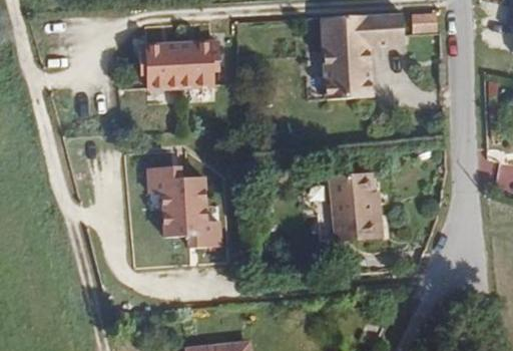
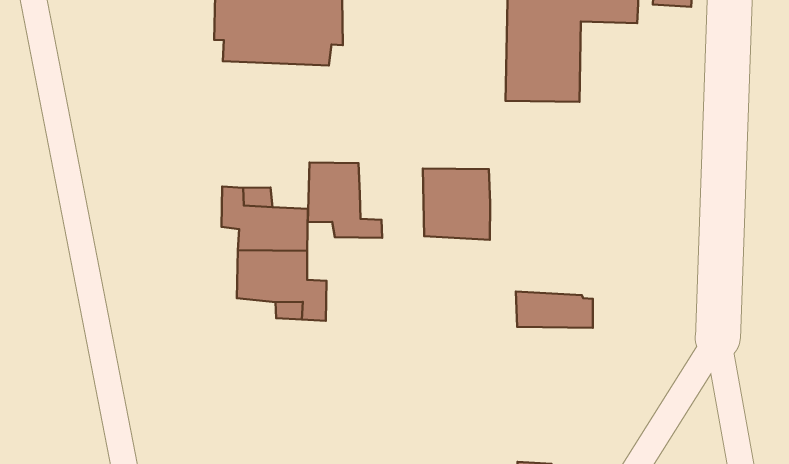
building: none -> [308,162,382,238]
building: [333,173,377,218] -> [423,169,490,240]

